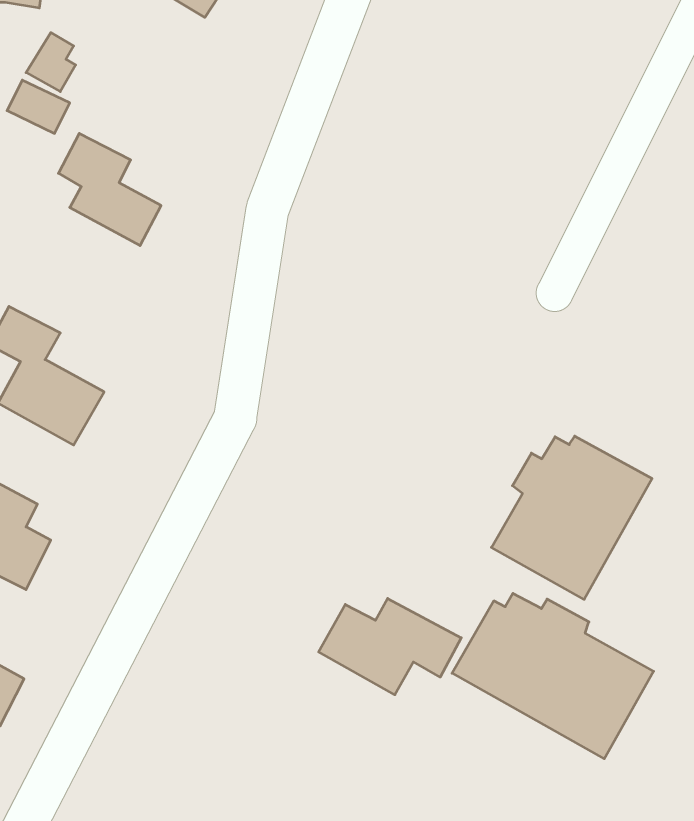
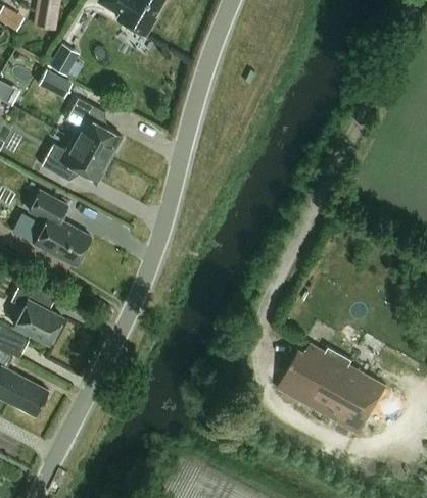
building: none -> [42,138,110,181]
building: [491,436,652,599] -> none
building: [319,598,461,695] -> none

